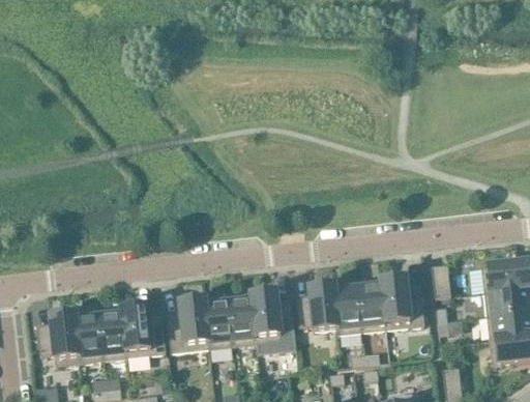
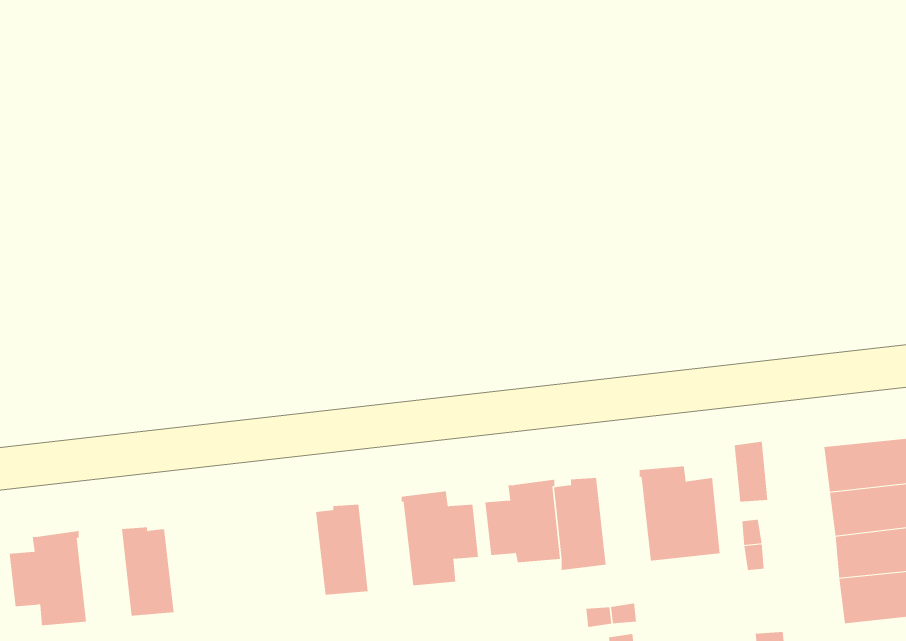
building: [356,280,385,329] -> none
building: [227,294,256,344] -> none
building: [166,297,208,350] -> none
building: [120,304,165,355] -> none
building: [73,310,102,361] -> none

